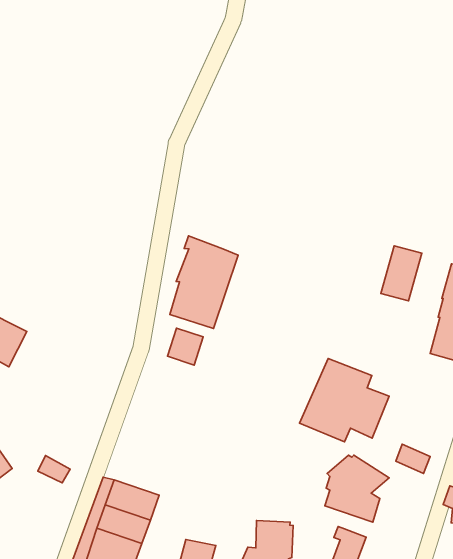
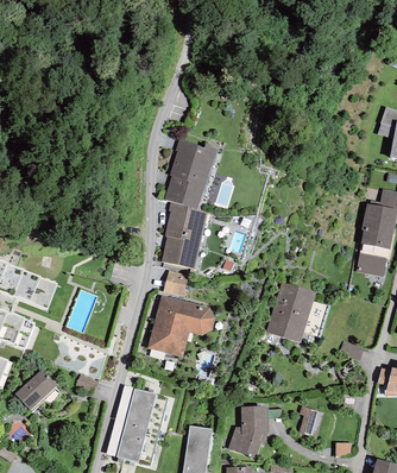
building: none -> [164,138,219,209]
building: [381,246,422,301] -> none
building: none -> [147,296,214,358]
building: [325,455,389,522] -> none

